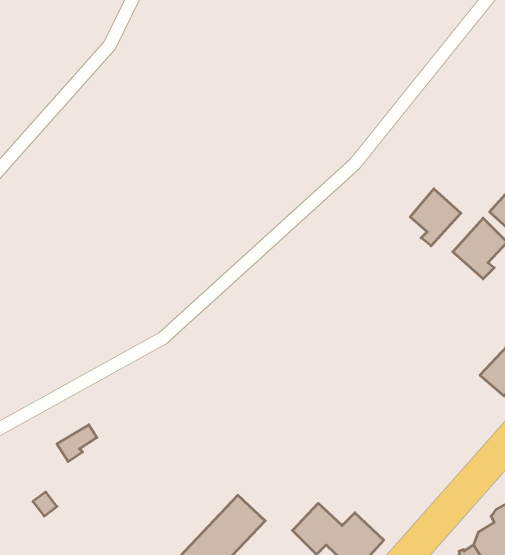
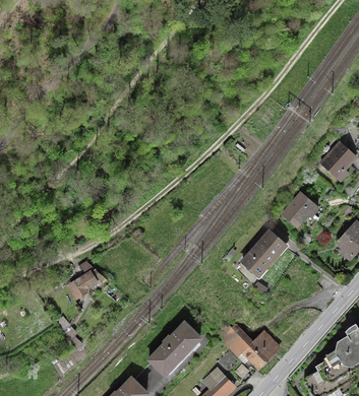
building: [410,189,461,246] -> none
building: none -> [283,193,318,226]
building: none -> [243,232,286,275]

